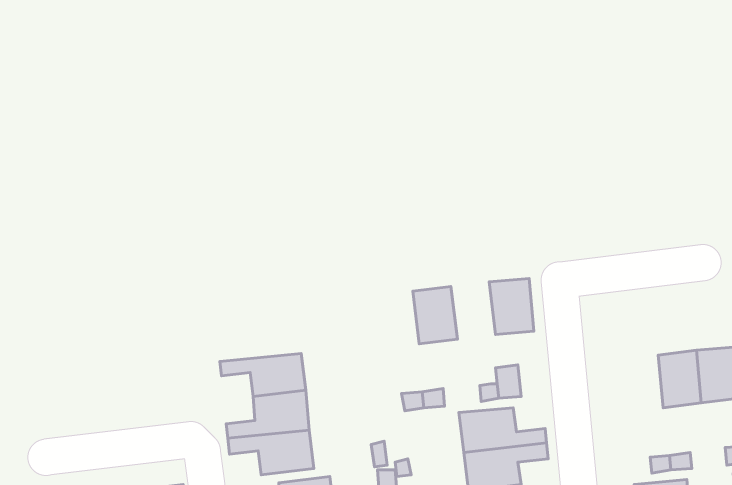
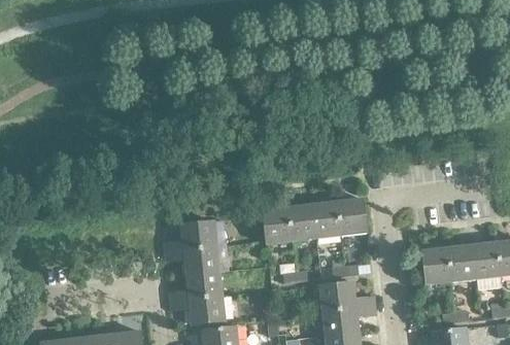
building: none -> [313,201,342,238]
building: none -> [263,207,293,244]
building: none -> [163,220,226,252]
building: none -> [422,248,450,284]

